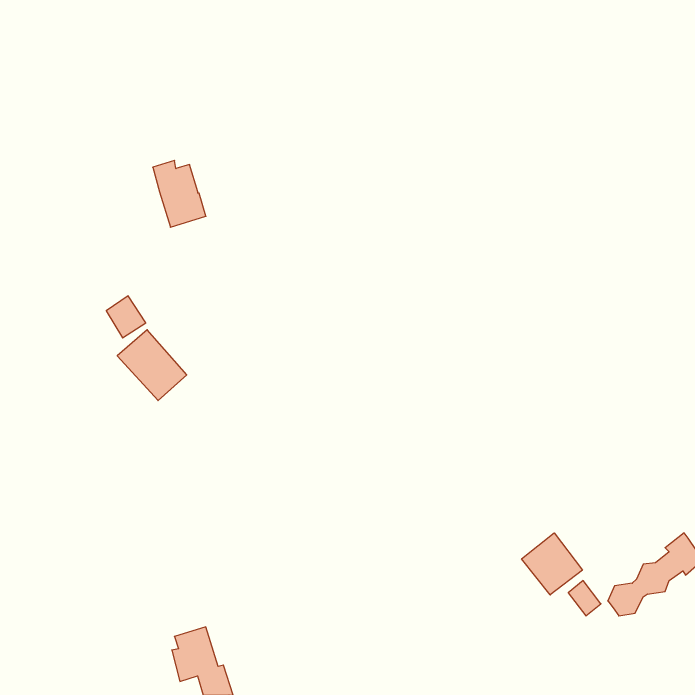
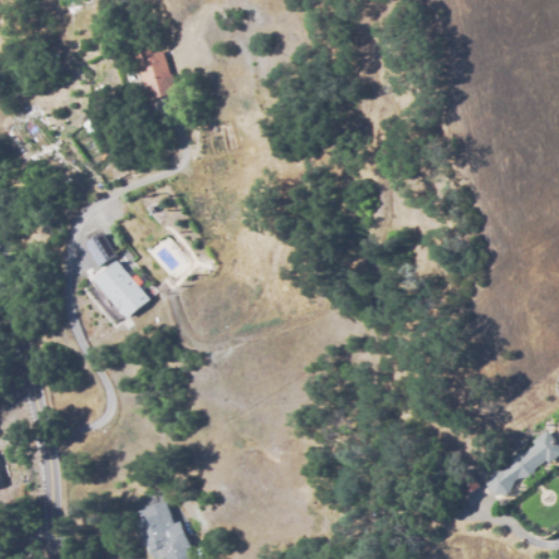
building: [153,160,206,227] -> [132,48,175,102]
building: [522,533,582,595] -> none

